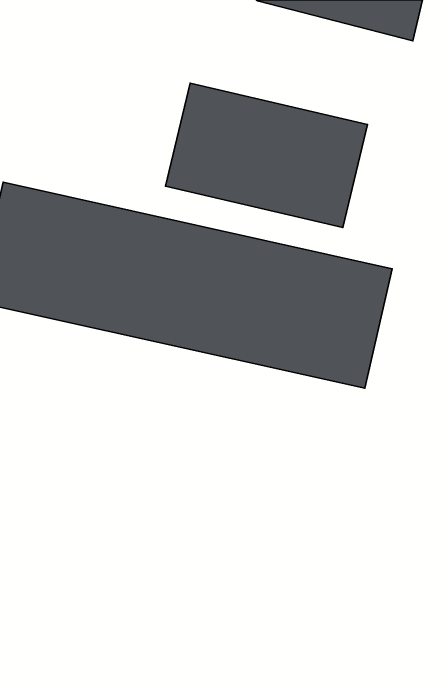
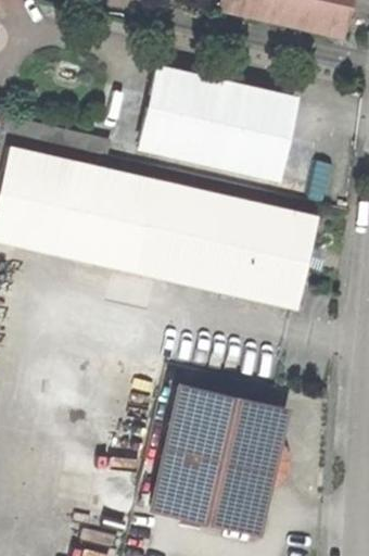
building: none -> [148,383,290,536]

